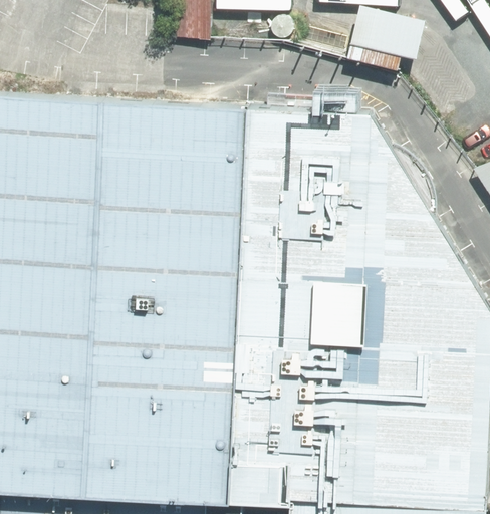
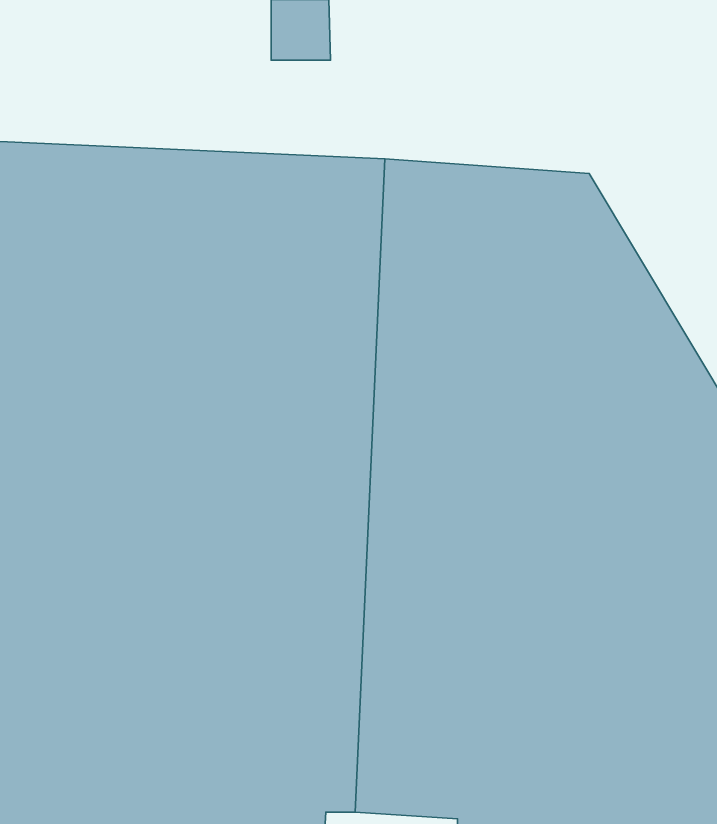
building: [346,11,420,74] -> none

